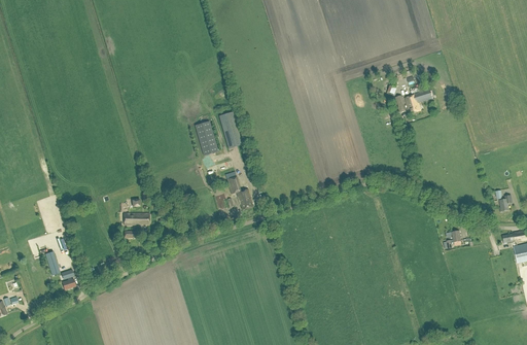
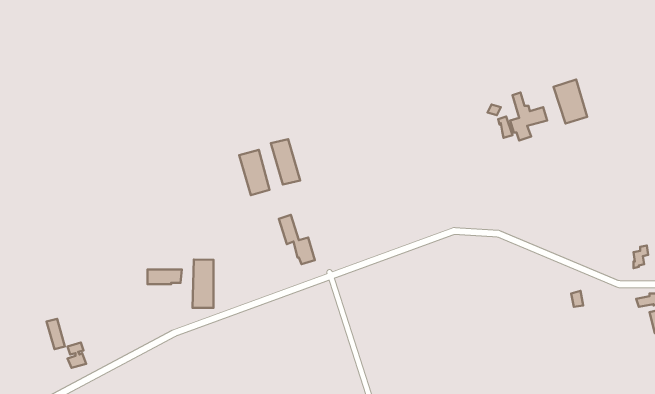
building: none -> [553,79,587,124]
building: none -> [192,259,213,308]

